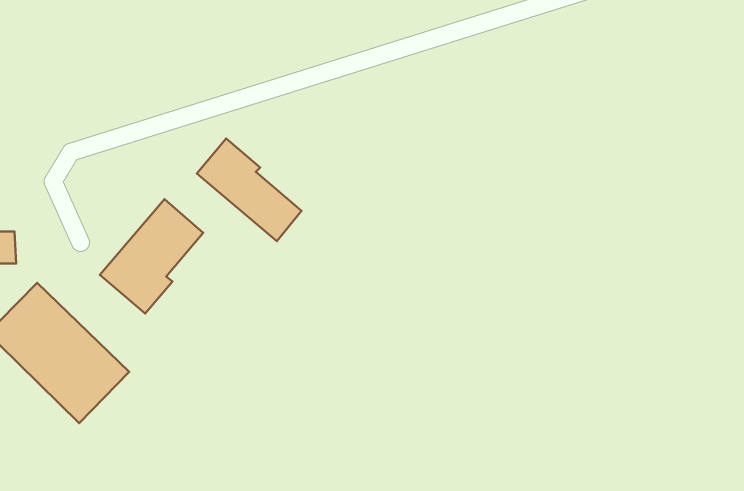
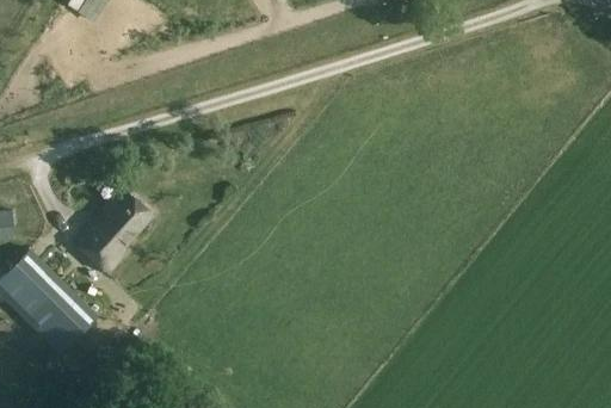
building: [197,139,302,241] -> none

